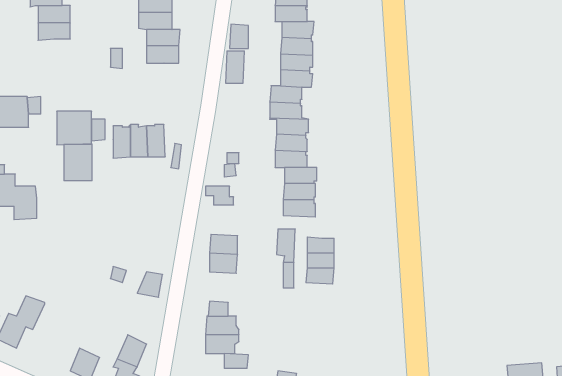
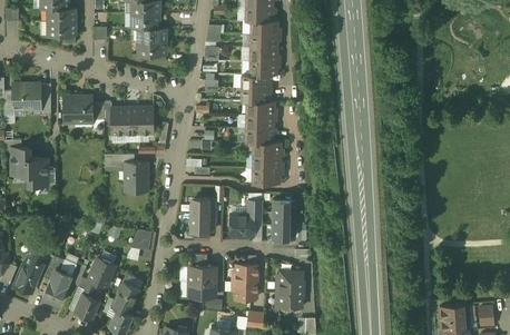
building: [64,144,92,181] -> [125,161,148,191]
building: none -> [231,215,254,236]
building: none -> [42,256,69,304]
building: none -> [84,259,115,300]
building: none -> [232,264,258,302]
building: none -> [276,273,303,311]

